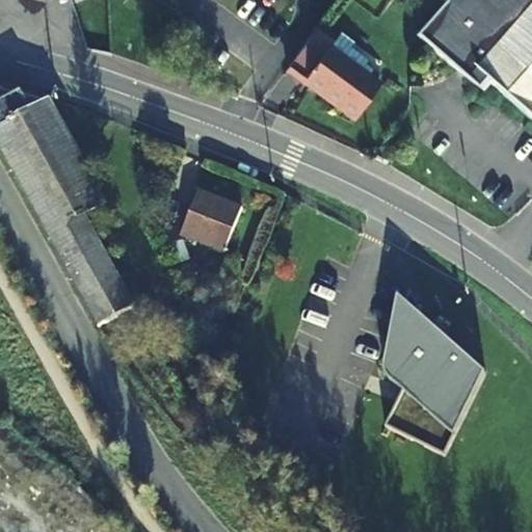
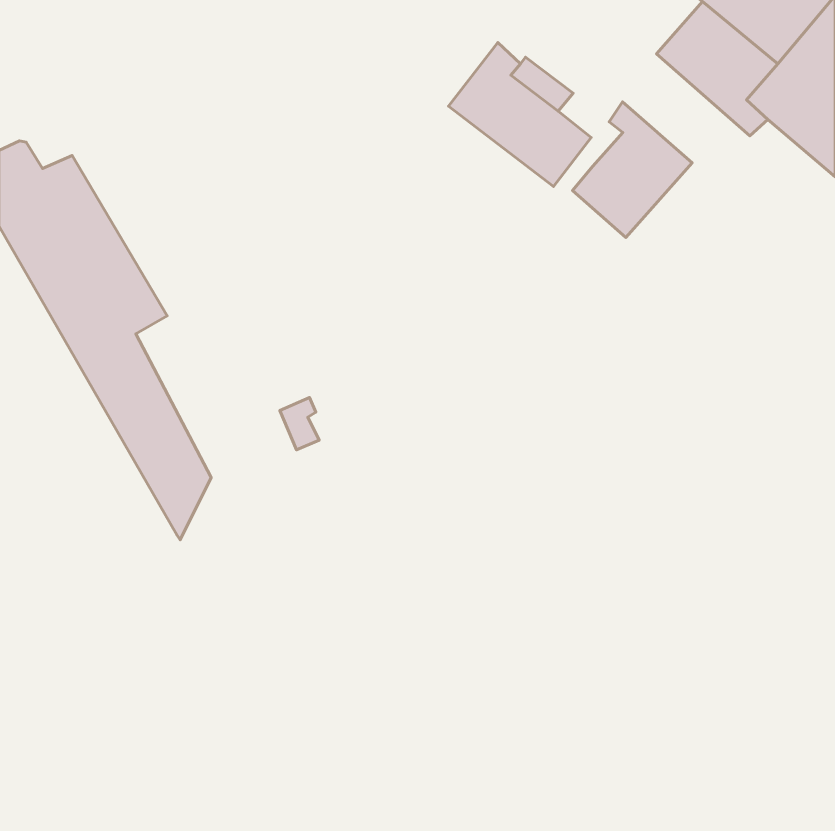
building: none -> [572,102,692,238]
building: [182,181,244,242] -> none
building: [382,286,485,453] -> none

